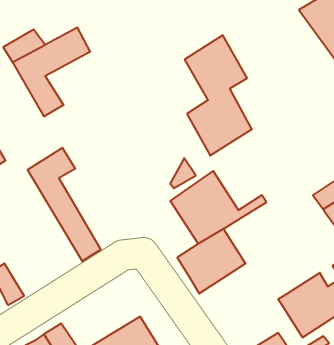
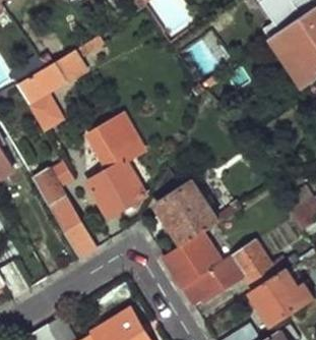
building: [185,35,252,156] -> [85,113,144,219]
building: none -> [181,238,292,307]

